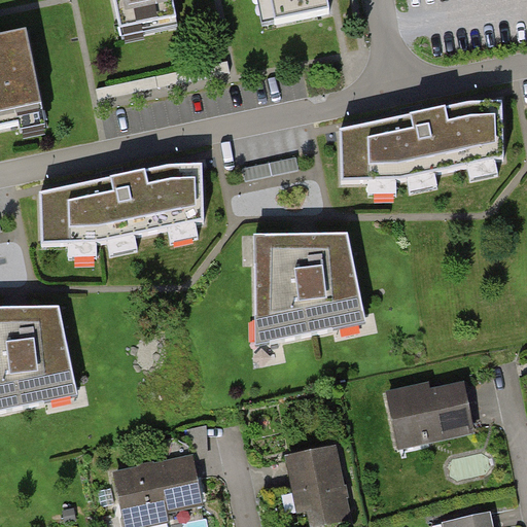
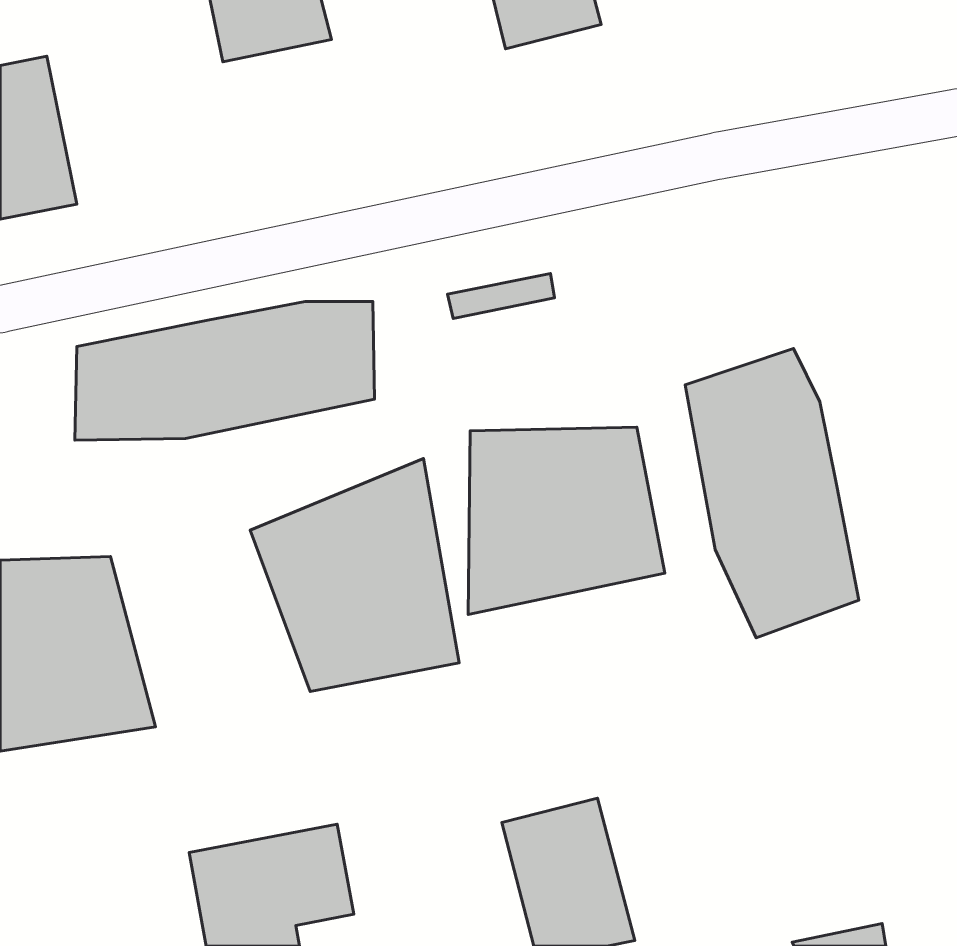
building: [336,100,498,181] -> none
building: none -> [685,349,859,638]
building: none -> [250,459,459,691]
building: [382,378,470,445] -> none

